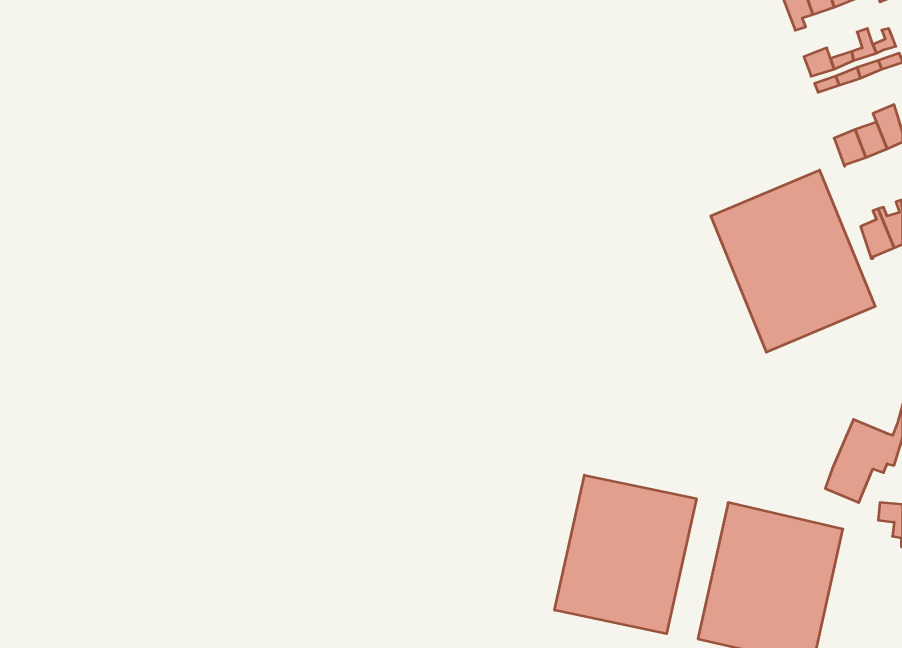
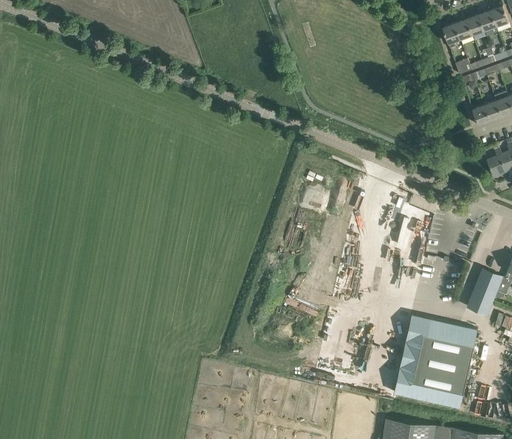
building: [711,170,875,352] -> none
building: [555,475,696,634] -> none

